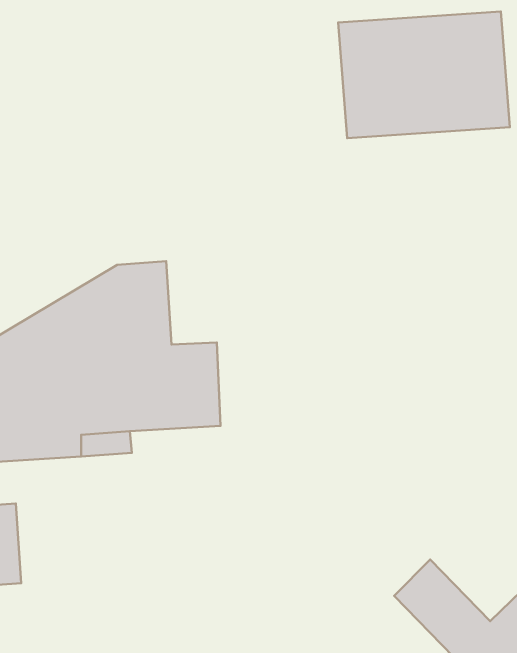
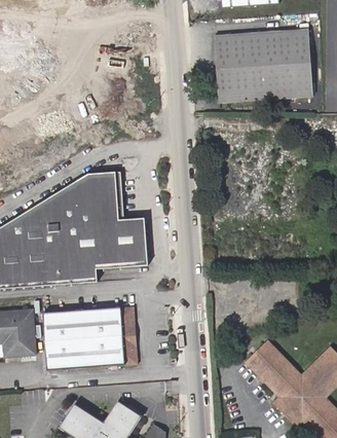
building: none -> [41,304,137,369]

